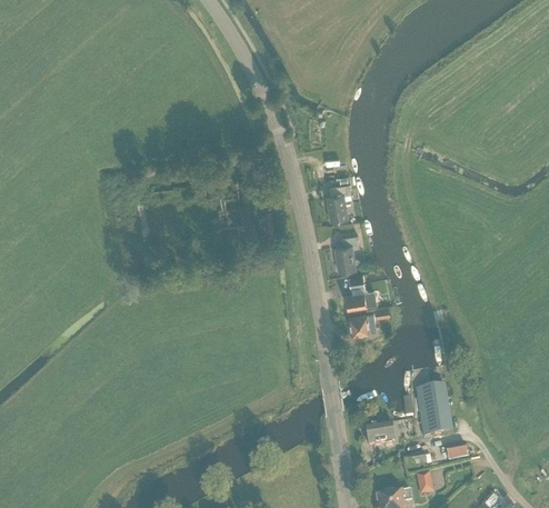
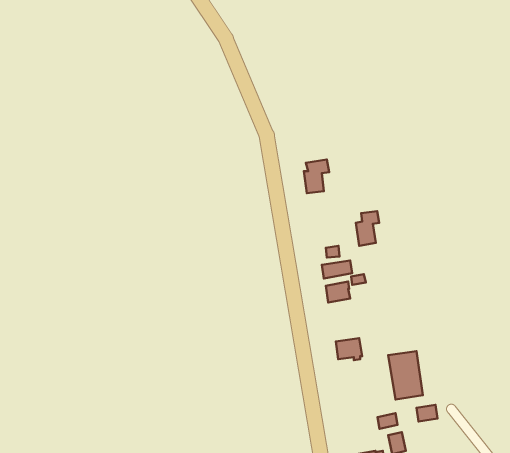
building: [335,232,359,269] -> [356,211,379,246]
building: [366,420,393,444] -> [336,338,362,360]

